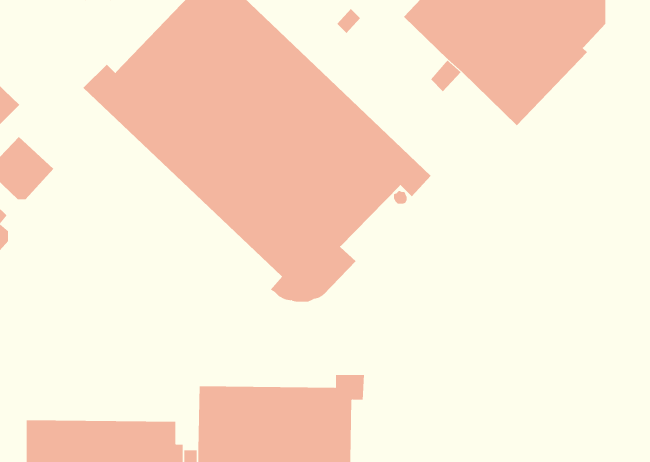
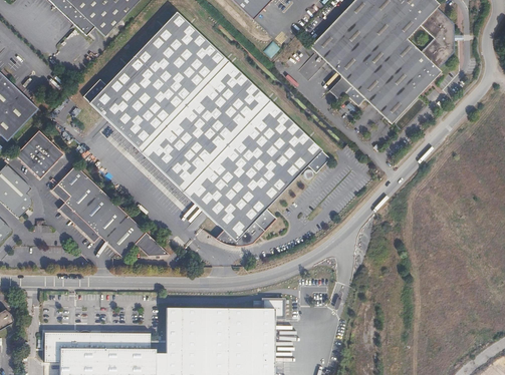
building: none -> [51,164,168,257]

